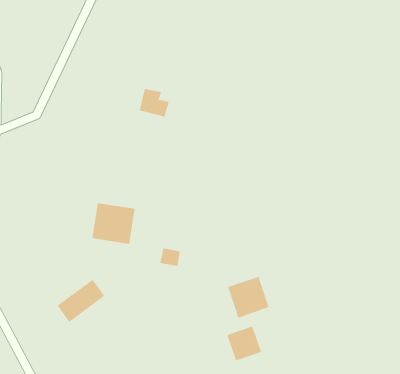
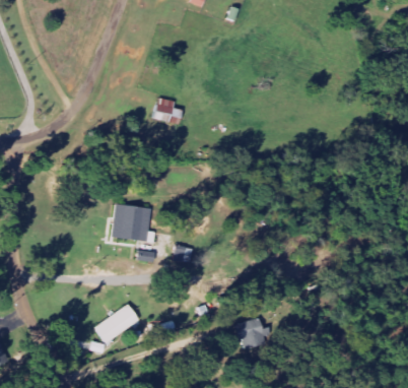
building: [227,276,269,319] -> none
building: [57,279,105,323] -> [94,304,139,344]

